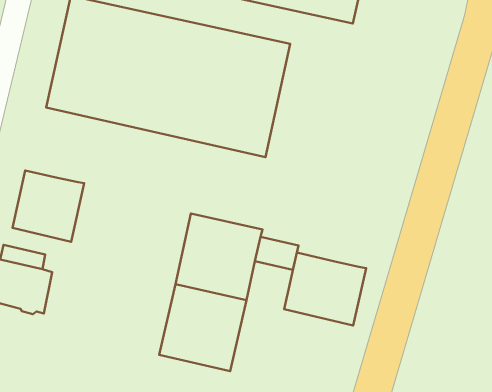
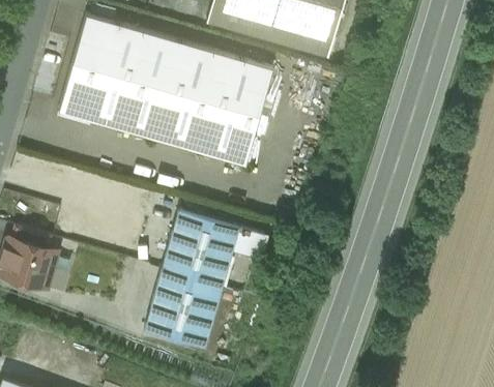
building: [13,170,84,242] -> none
building: [284,253,366,325] -> none

